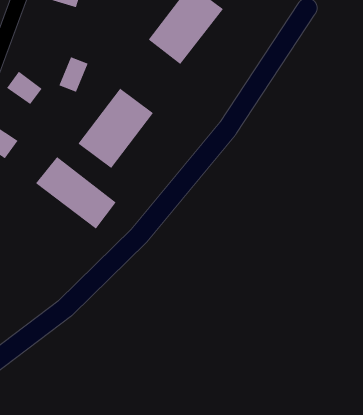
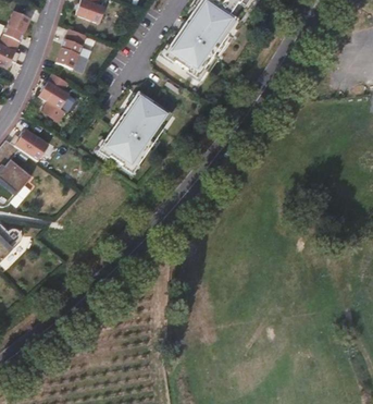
building: [58,56,89,93] -> [54,35,82,68]
building: [35,156,117,229] -> none

